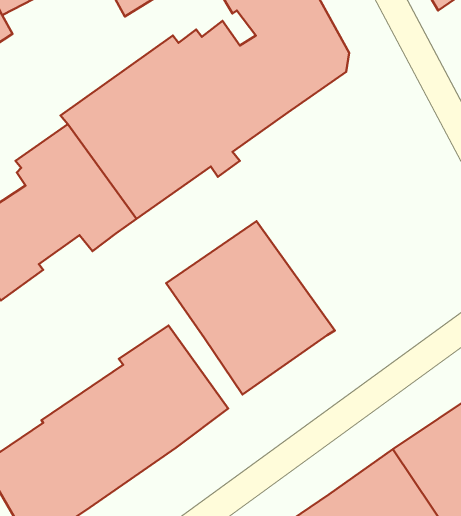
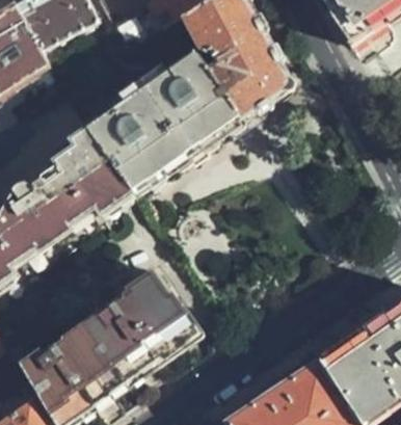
building: [166,221,335,395] -> none

